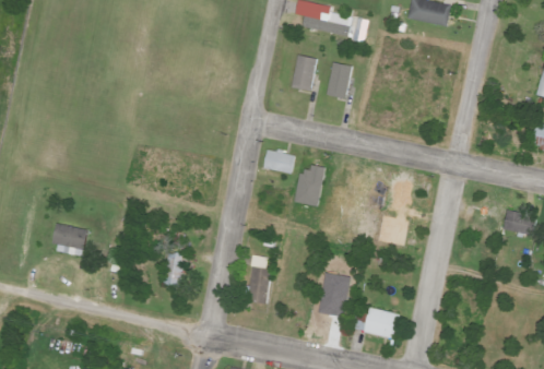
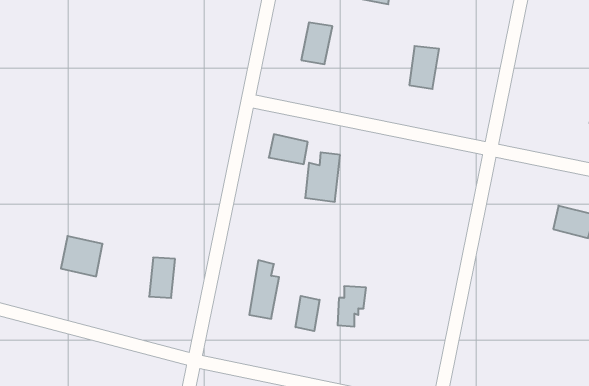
building: [327,62,352,98] -> [409,46,439,89]
building: [52,223,87,257] -> [61,236,103,276]
building: none -> [296,296,320,331]
building: [365,308,399,337] -> none

